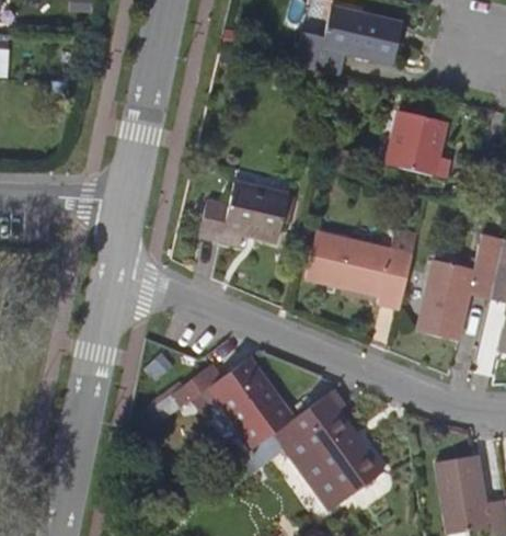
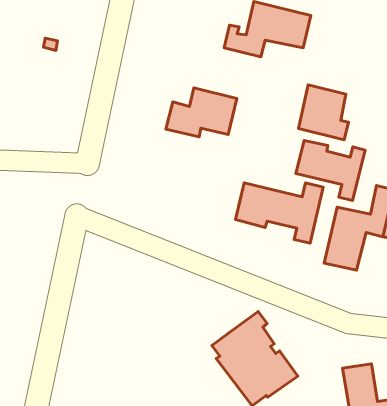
building: none -> [296,140,365,200]
building: [198,183,287,244] -> [166,88,237,137]
building: [158,360,297,447] -> none

